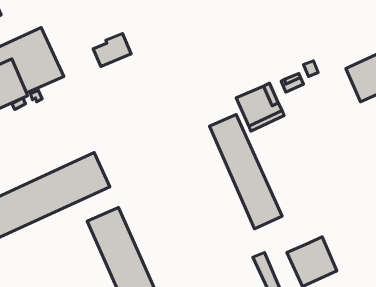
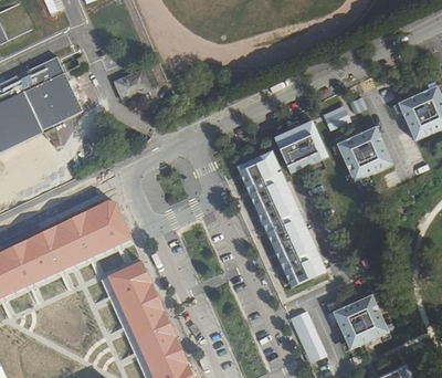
building: none -> [336,126,392,181]
building: none -> [236,149,295,286]

